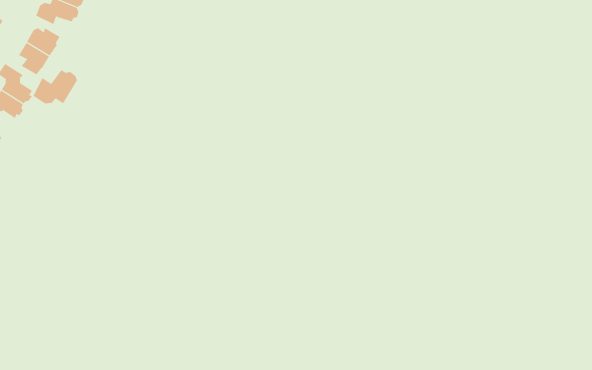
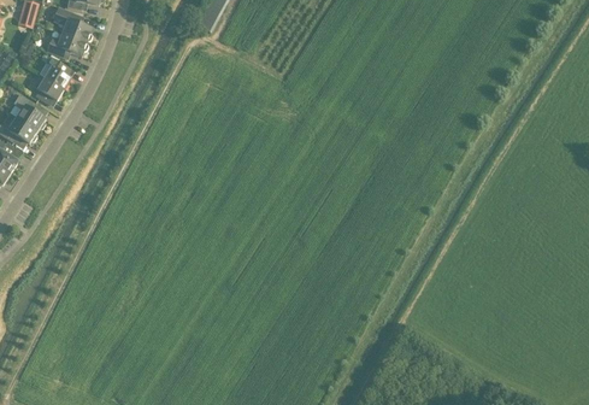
building: [33,69,78,104] -> none

